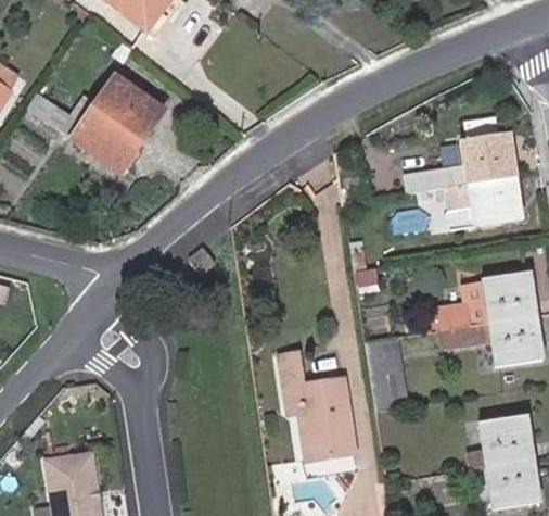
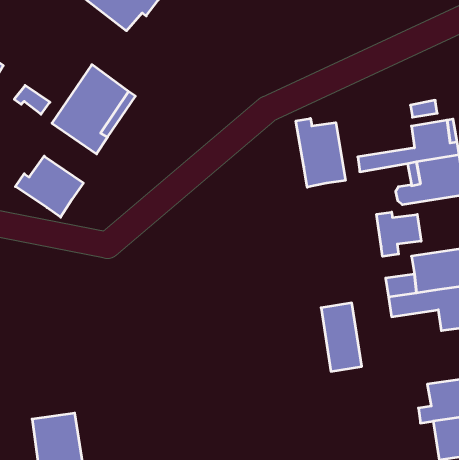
building: none -> [296,118,345,187]
building: none -> [15,156,83,217]
building: none -> [377,212,421,256]
building: [278,350,357,460] -> none

